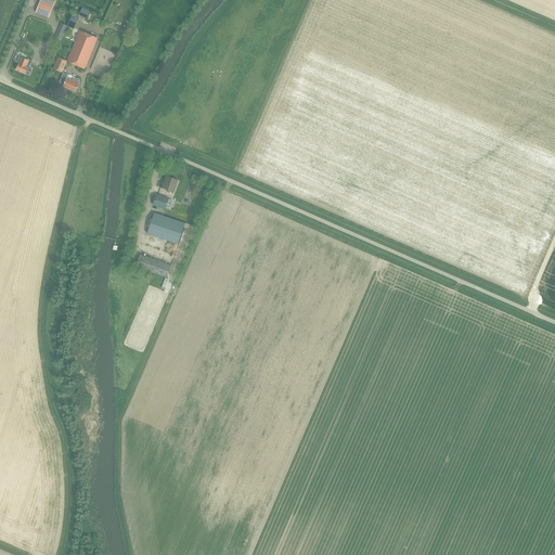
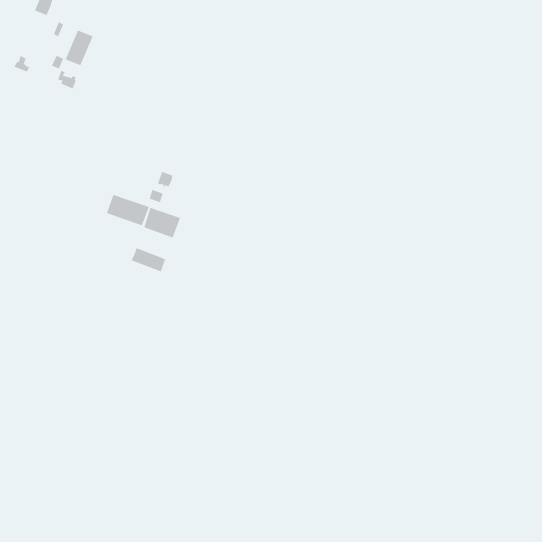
building: none -> [106,194,149,226]

